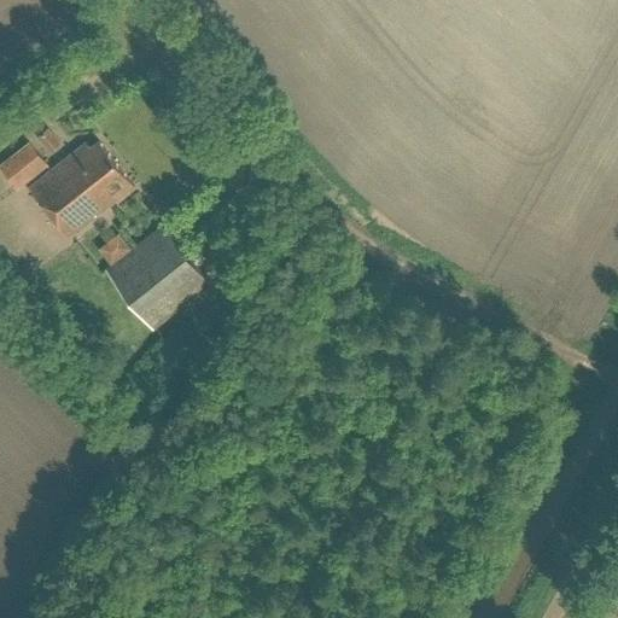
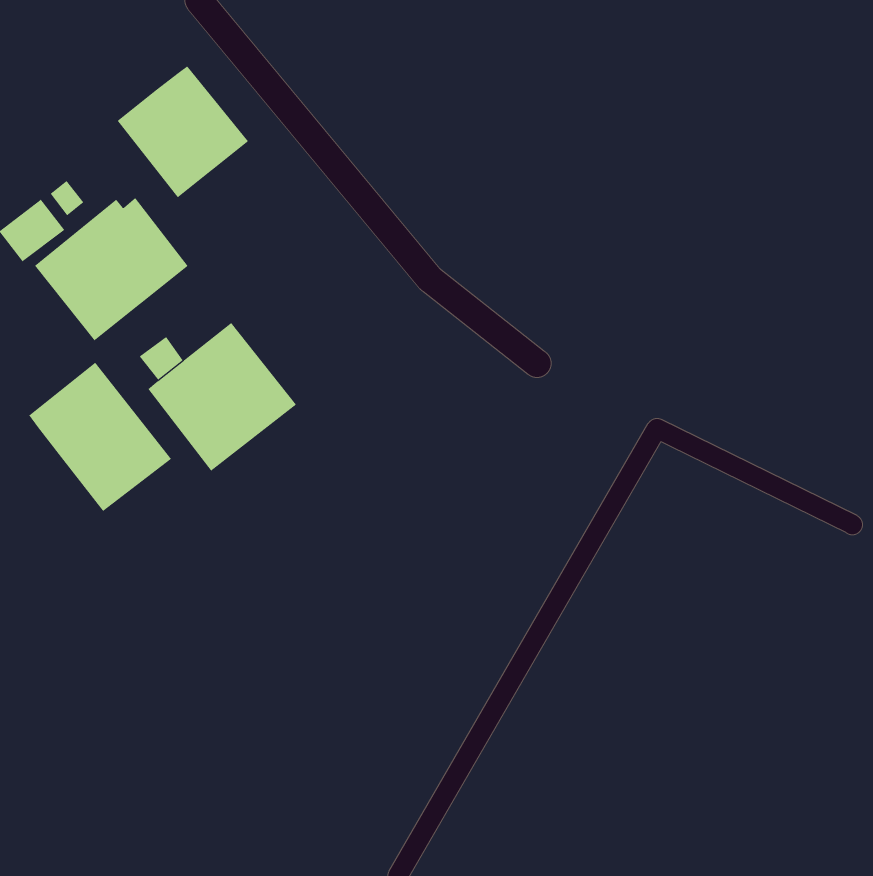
building: none -> [117,65,249,198]
building: none -> [28,362,172,512]

